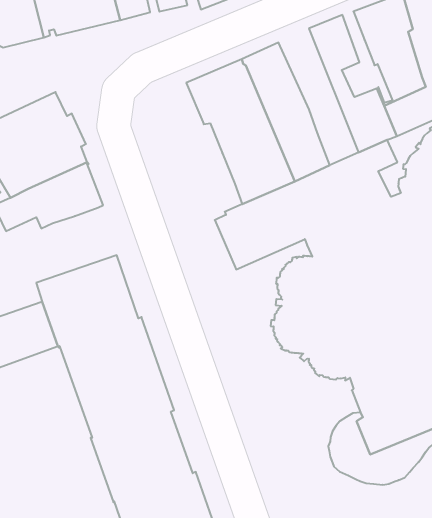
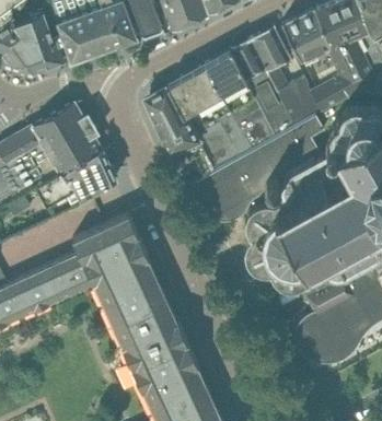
building: none -> [230,40,294,137]
building: none -> [146,87,215,177]

